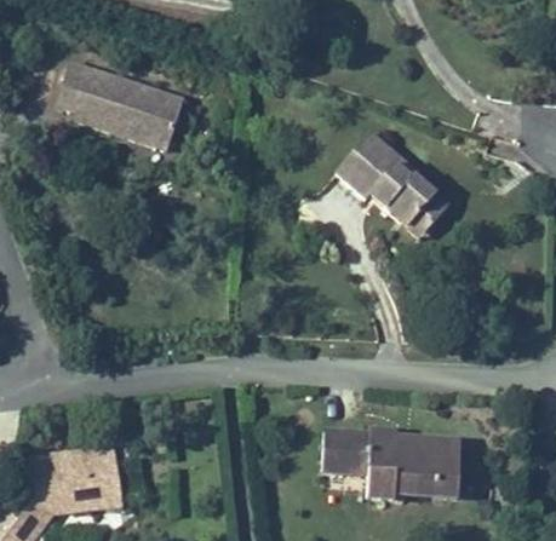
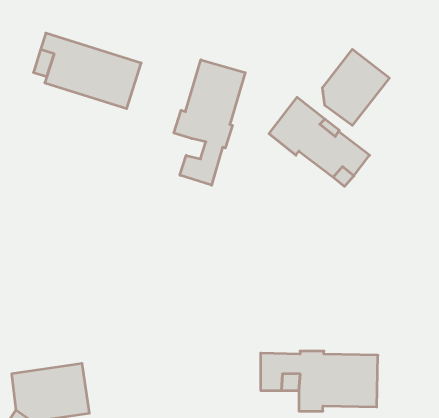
building: none -> [322,49,389,125]
building: none -> [174,60,245,185]

